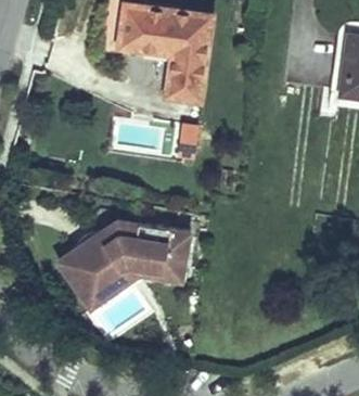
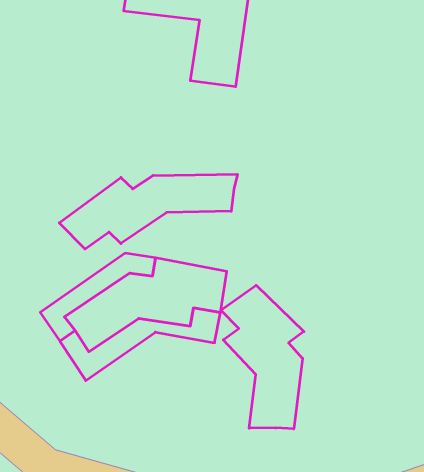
building: none -> [59,174,237,249]
building: none -> [221,285,304,429]

